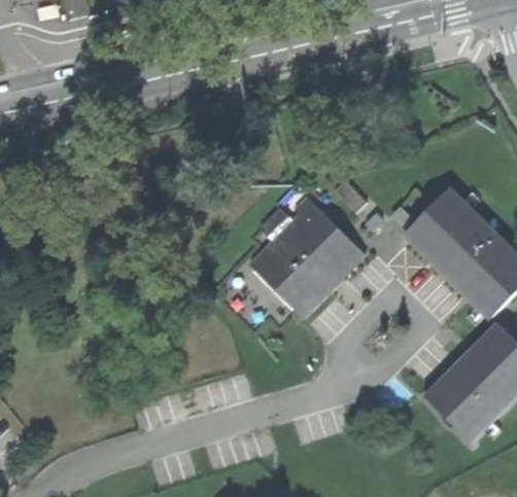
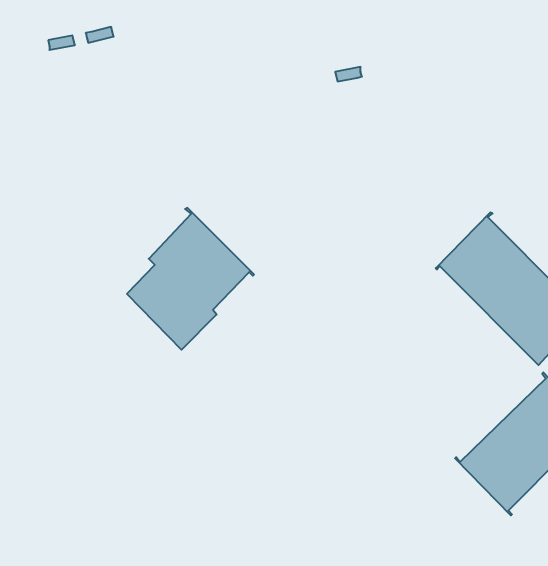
building: [255,196,364,316] -> [127,208,254,350]

